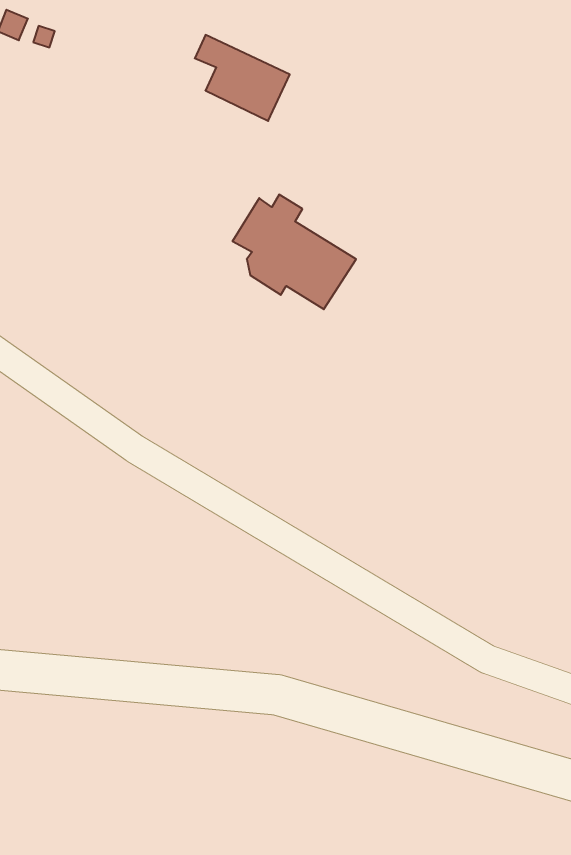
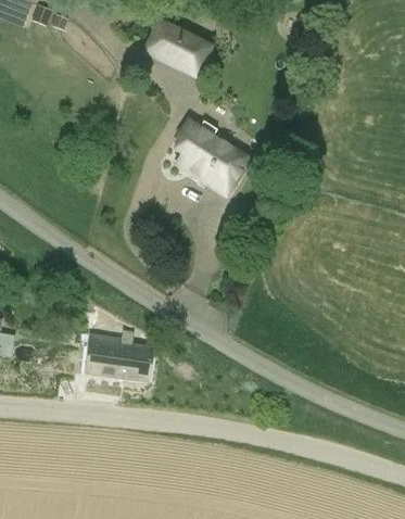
building: none -> [84,330,152,381]

